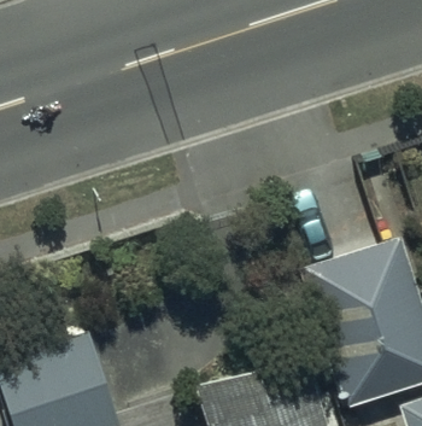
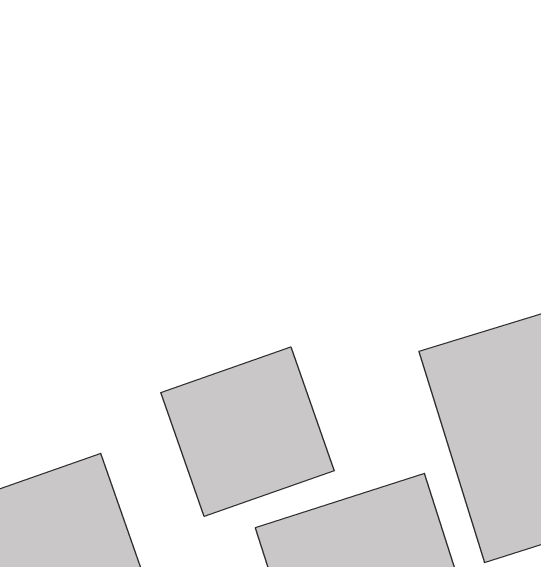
building: none -> [161,347,334,516]

